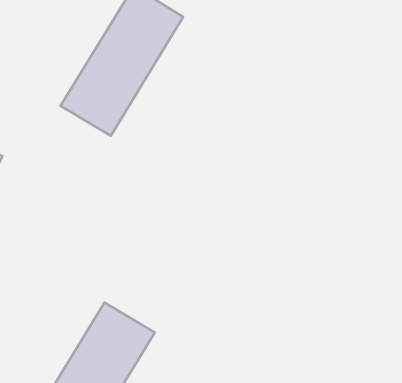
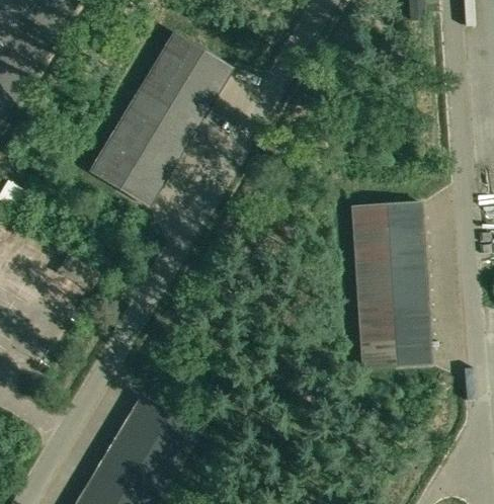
building: none -> [352,202,429,367]

